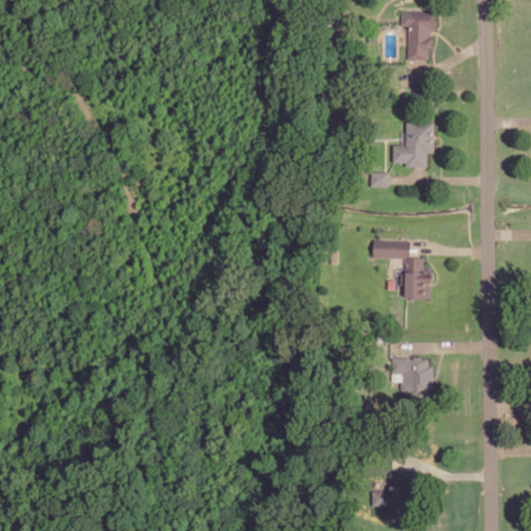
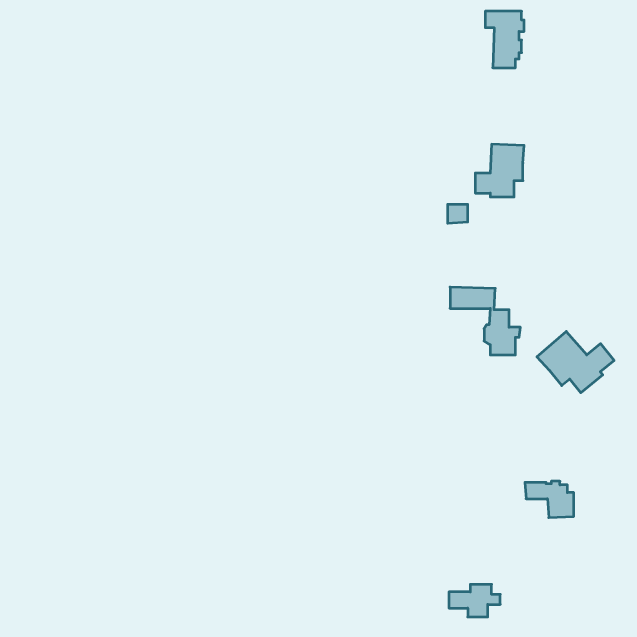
building: none -> [537,331,614,393]
building: [391,358,431,388] -> [525,481,574,518]

